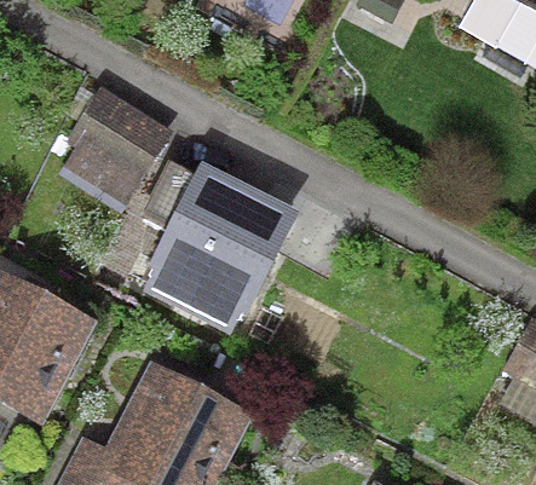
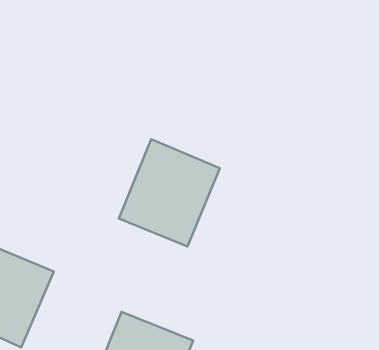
building: [56,86,171,198] -> none

